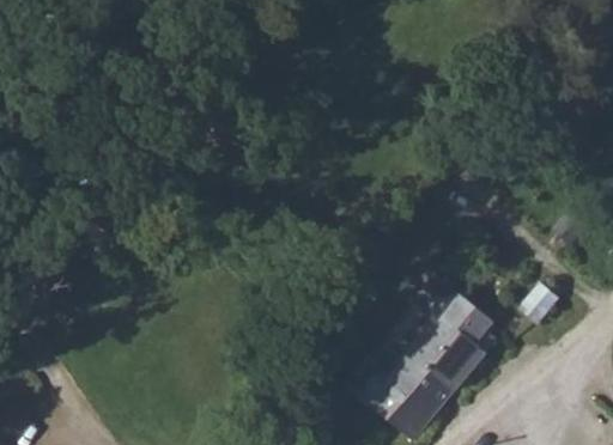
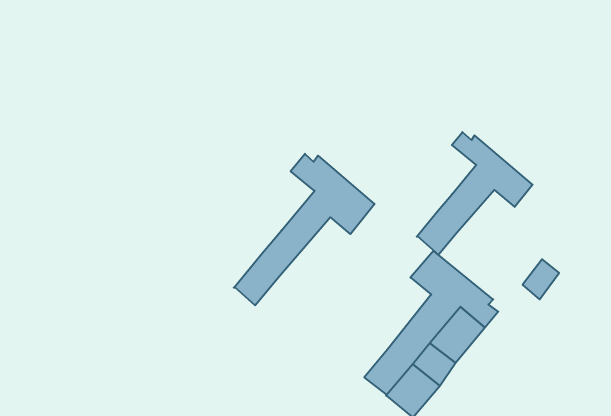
building: none -> [417,132,533,255]
building: none -> [234,154,375,305]

